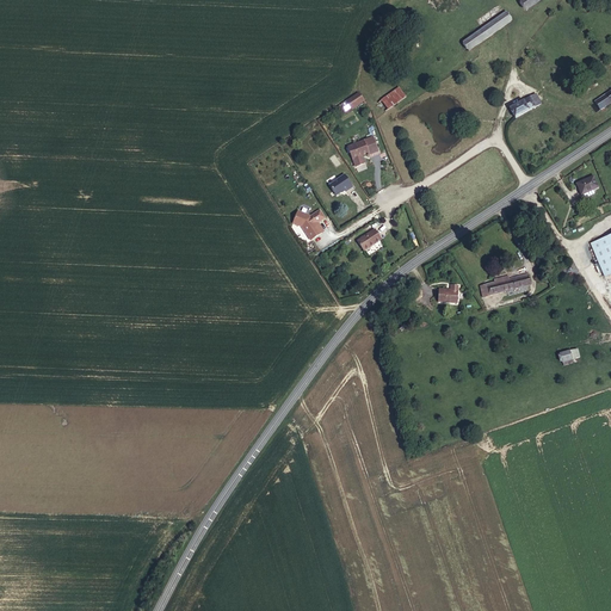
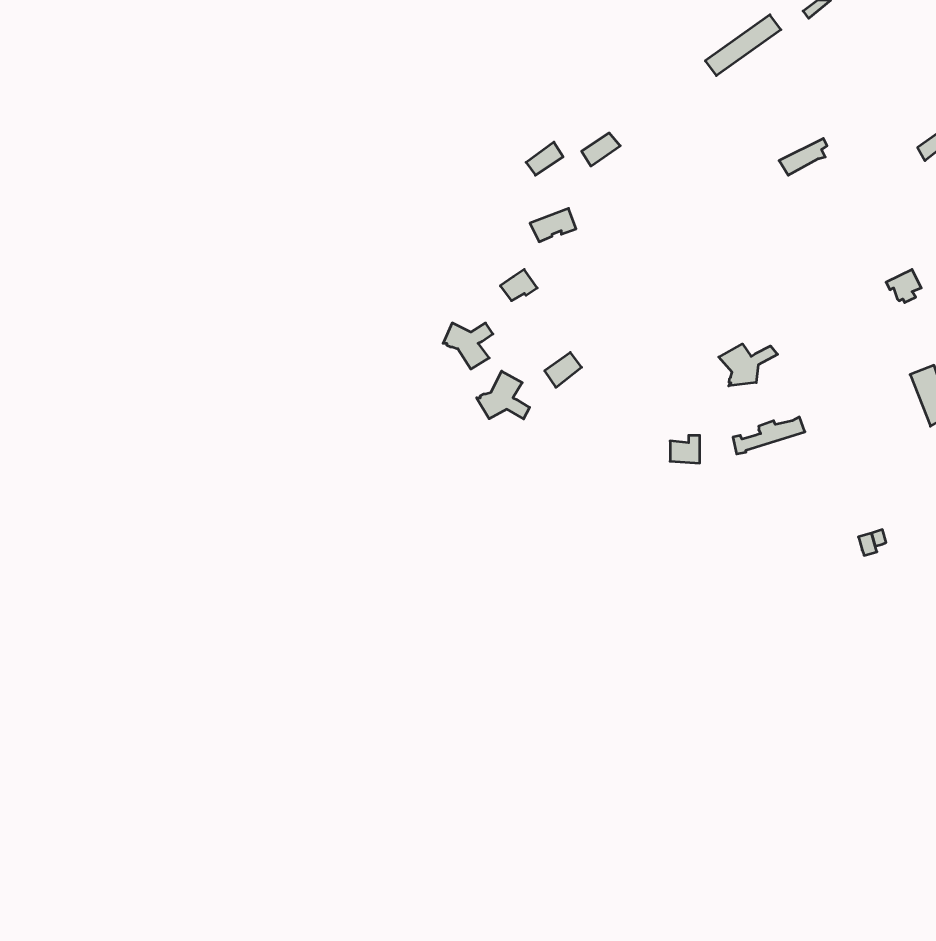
building: none -> [719,344,778,386]
building: none -> [477,371,530,419]

